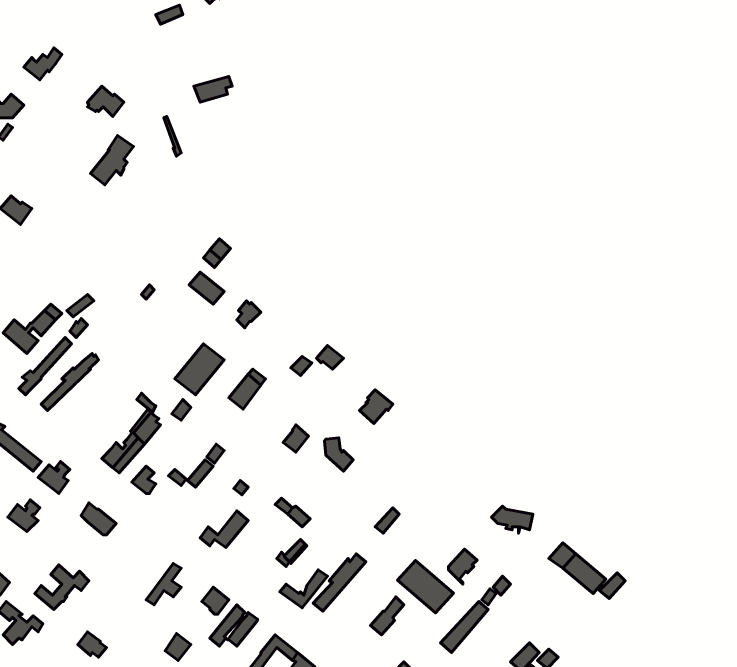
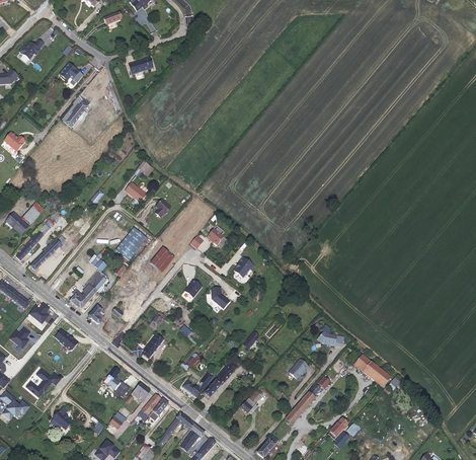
building: [397,560,454,613] -> none

